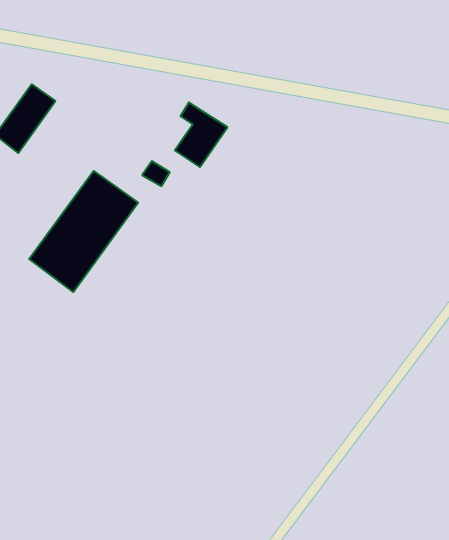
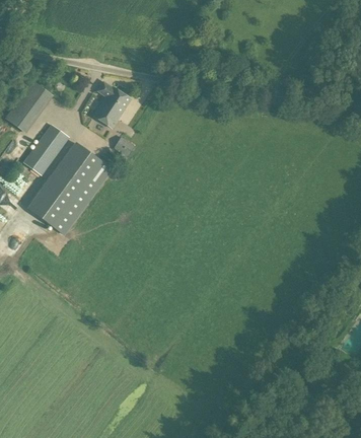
building: [175,102,227,167] -> [92,81,131,129]
building: none -> [23,125,68,175]

